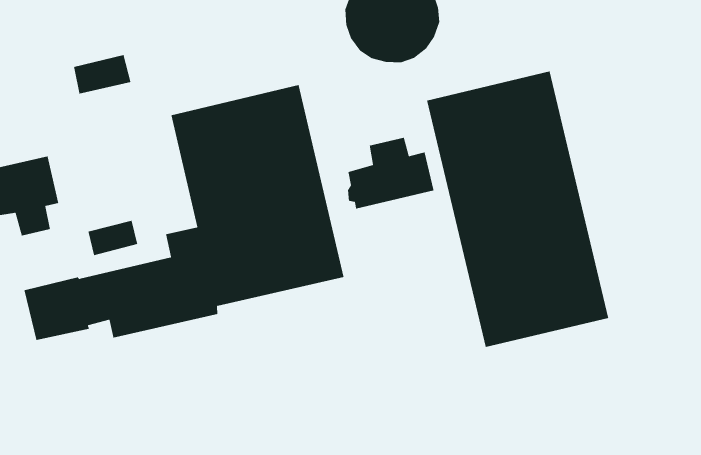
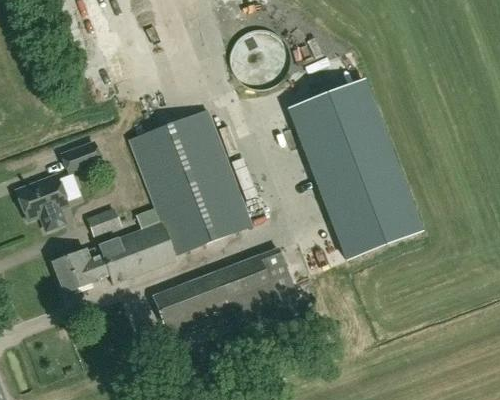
building: [73,54,132,94] -> [62,141,100,170]
building: [347,137,434,209] -> none
building: none -> [153,248,303,337]

